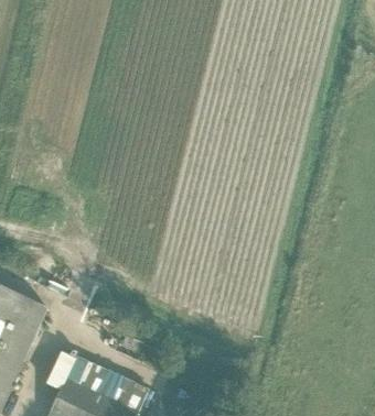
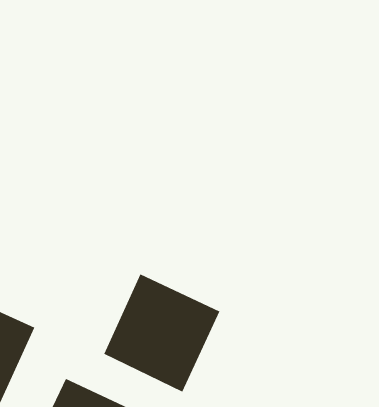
building: none -> [103,274,220,393]

